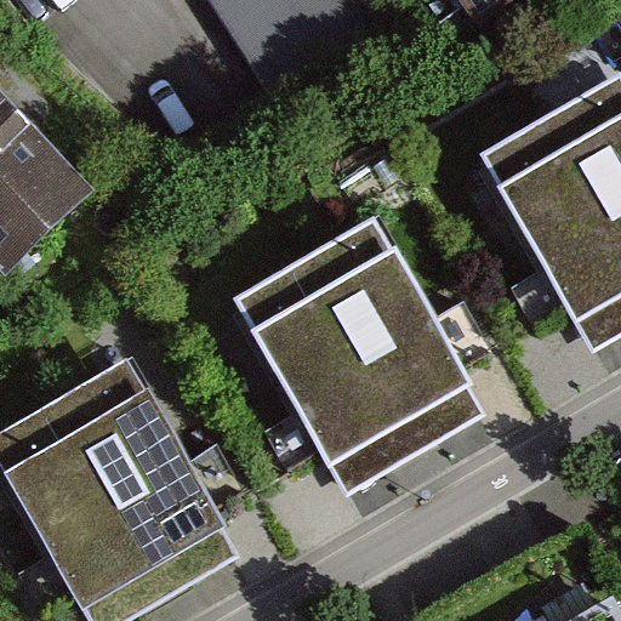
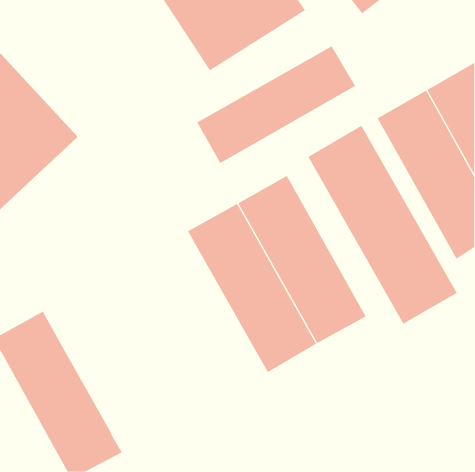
building: none -> [197,45,356,164]
building: none -> [308,125,458,324]
building: [56,366,223,586] -> none

